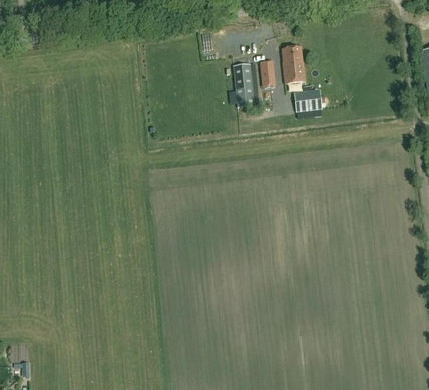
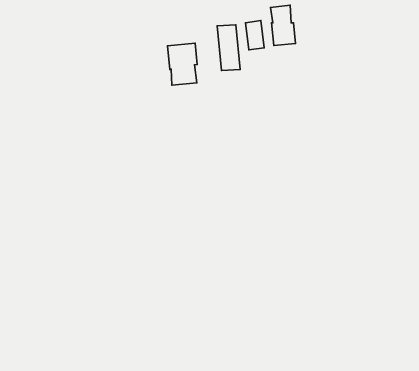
building: none -> [167,43,197,85]
building: [294,89,321,111] -> none

